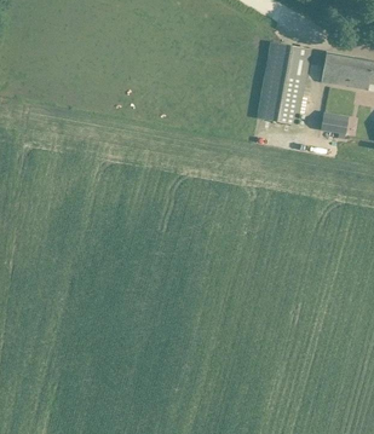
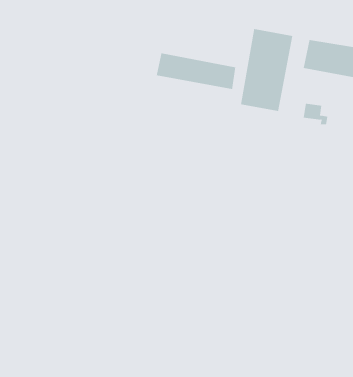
building: none -> [156,52,236,90]

